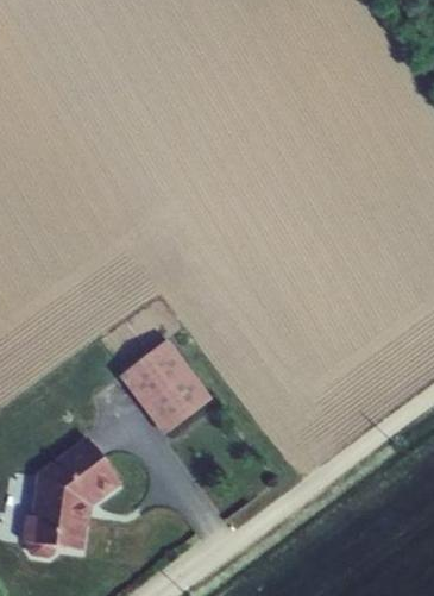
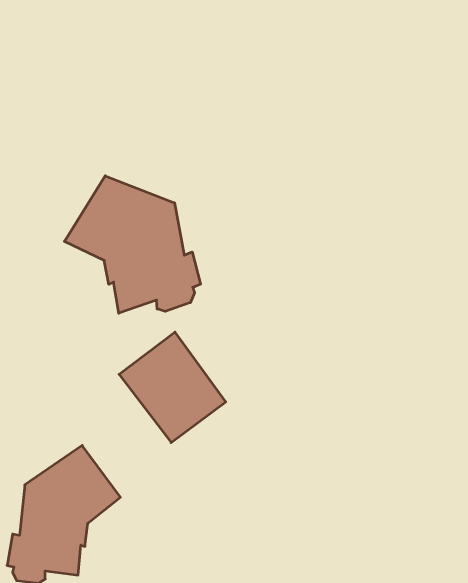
building: none -> [64,176,201,313]

